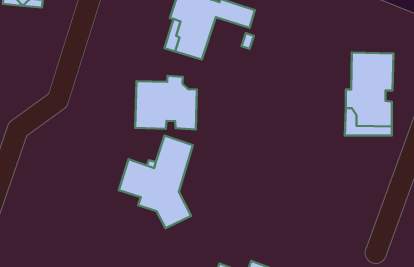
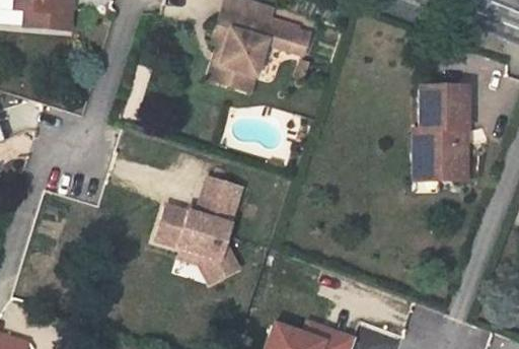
building: [135,76,197,129] -> none

